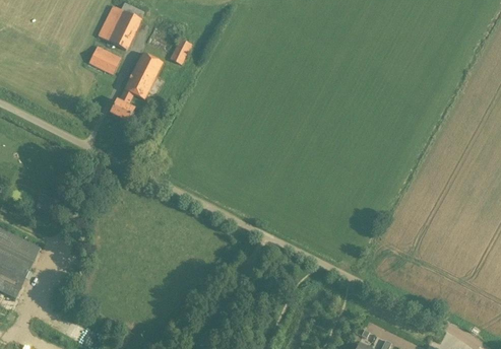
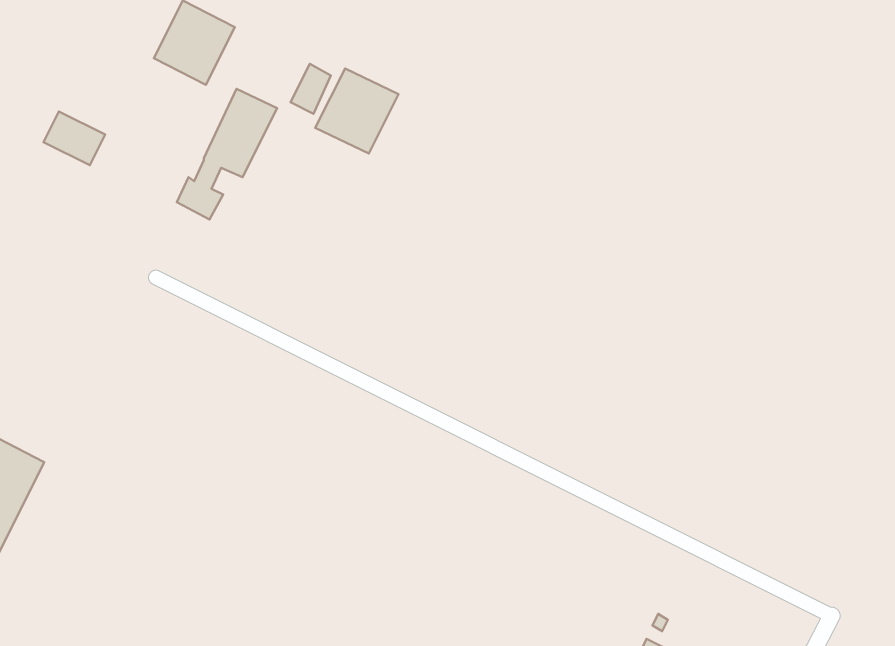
building: none -> [315,68,399,154]
building: [88,46,121,74] -> [43,111,105,165]

